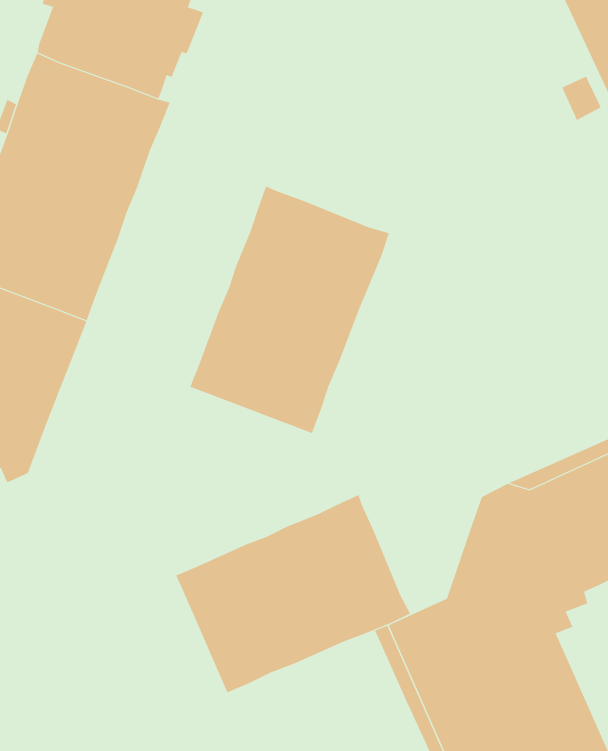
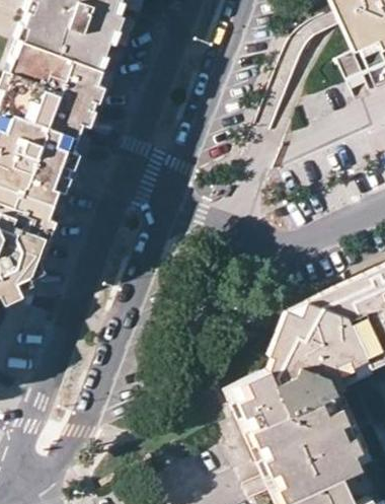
building: [190,185,389,434] -> none
building: [175,494,411,693] -> none

